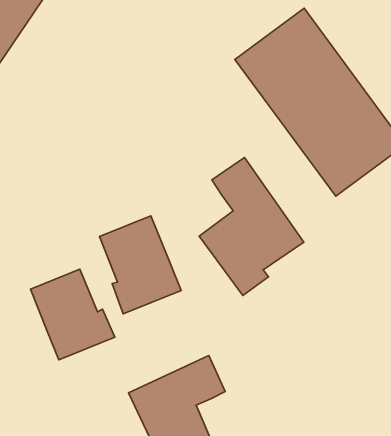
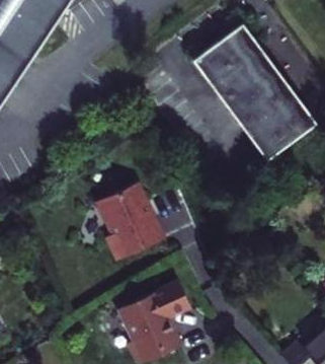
building: [199,157,304,296] -> none
building: [30,269,115,360] -> none

